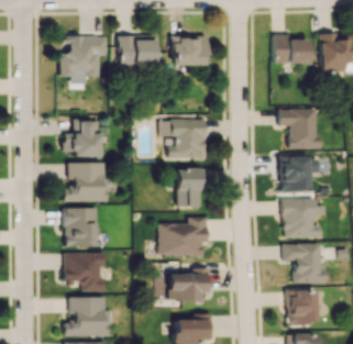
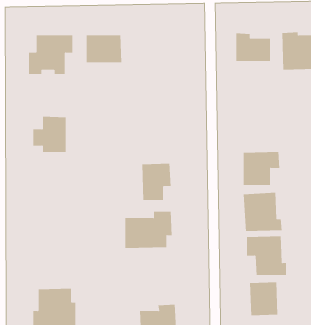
building: [173,35,208,66] -> none
building: [279,109,322,149] -> none
building: [162,120,207,159] -> none
building: [64,163,108,202] -> none
building: [65,208,97,247] -> none
building: [65,253,106,292] -> none
building: [170,268,211,302] -> none

